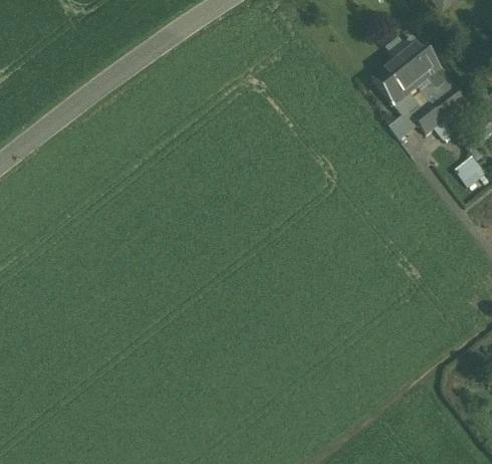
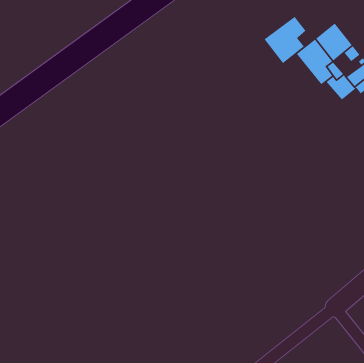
building: none -> [264,16,307,64]

